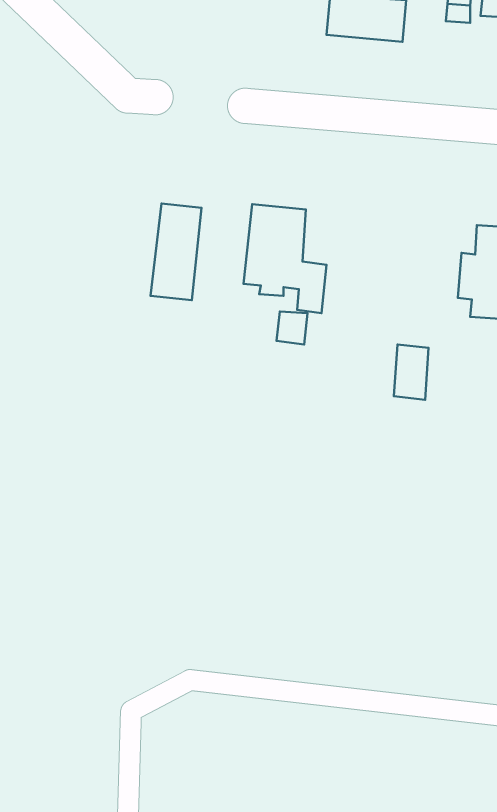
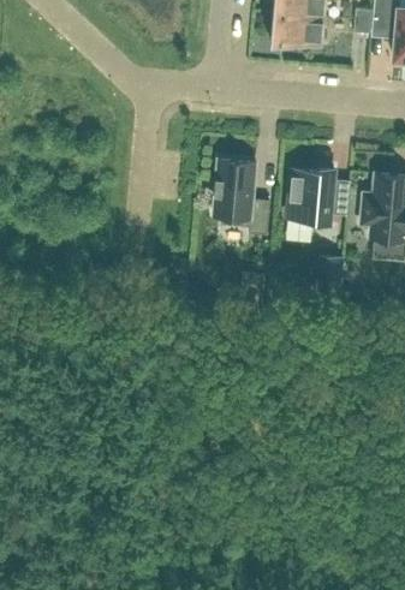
building: [150,204,201,300] -> none
building: none -> [287,169,333,225]

